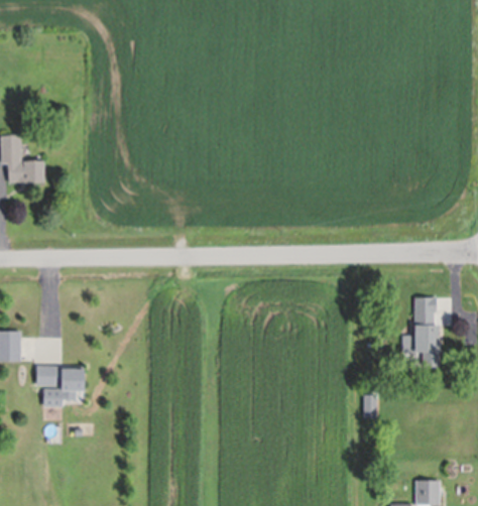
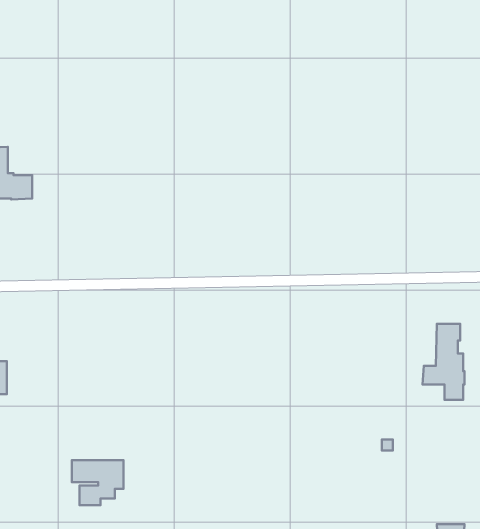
building: [36,366,84,407] -> [72,460,123,505]

